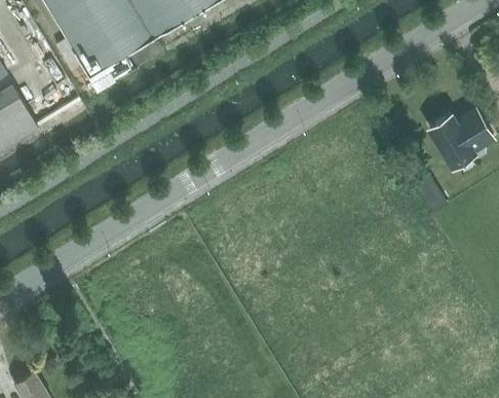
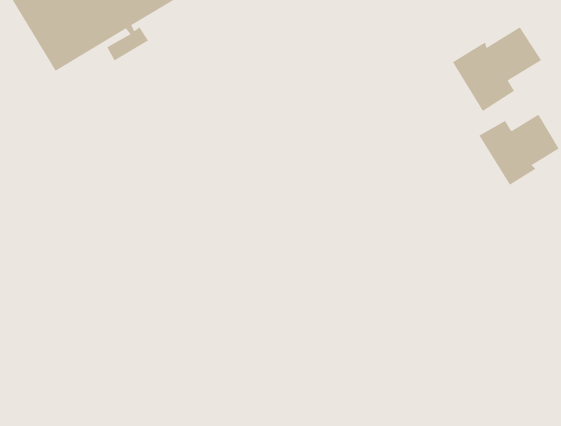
building: none -> [452,27,542,112]

